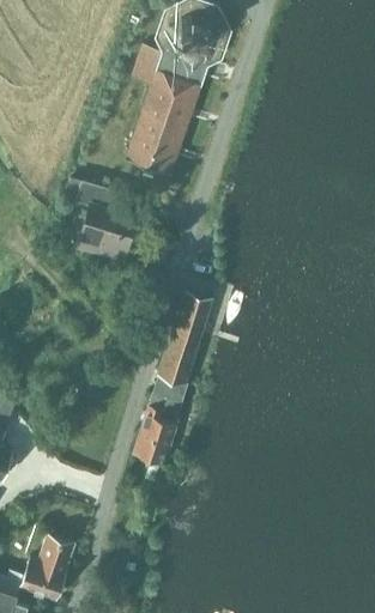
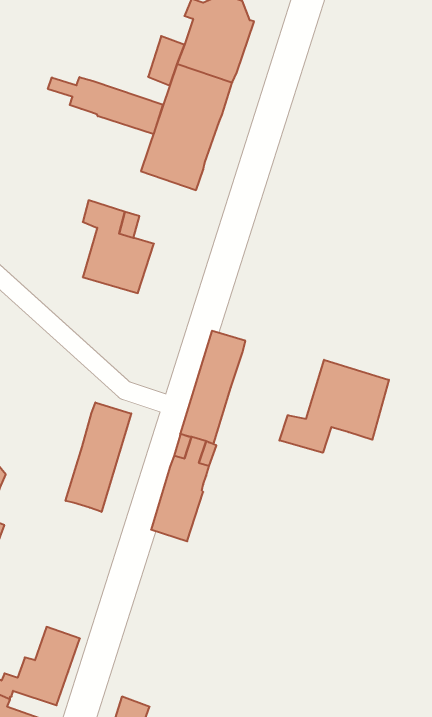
building: none -> [48,77,163,134]
building: none -> [279,360,389,453]
building: none -> [66,402,131,512]

